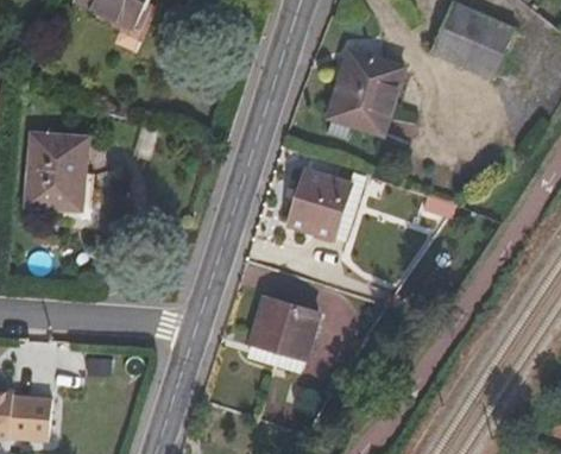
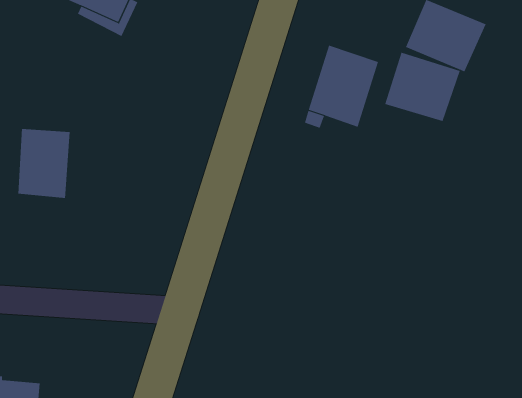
building: none -> [385,52,461,122]
building: [289,169,367,241] -> none
building: [247,297,319,370] -> none

